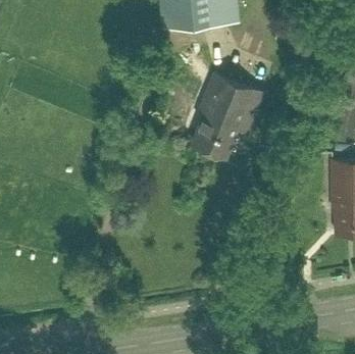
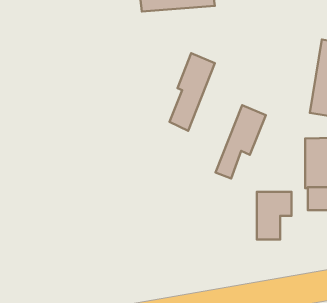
building: [210,83,262,158] -> [215,105,266,179]
building: none -> [257,192,291,240]

